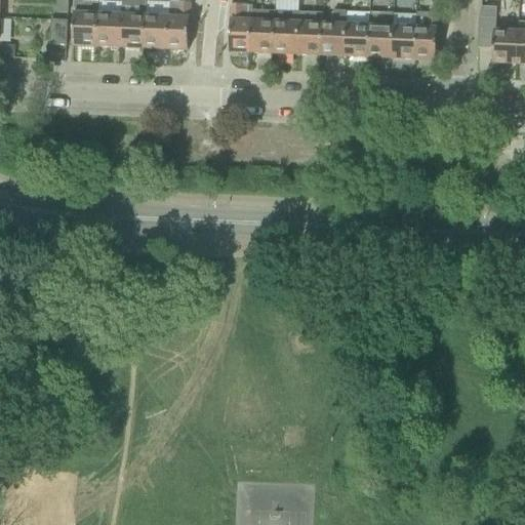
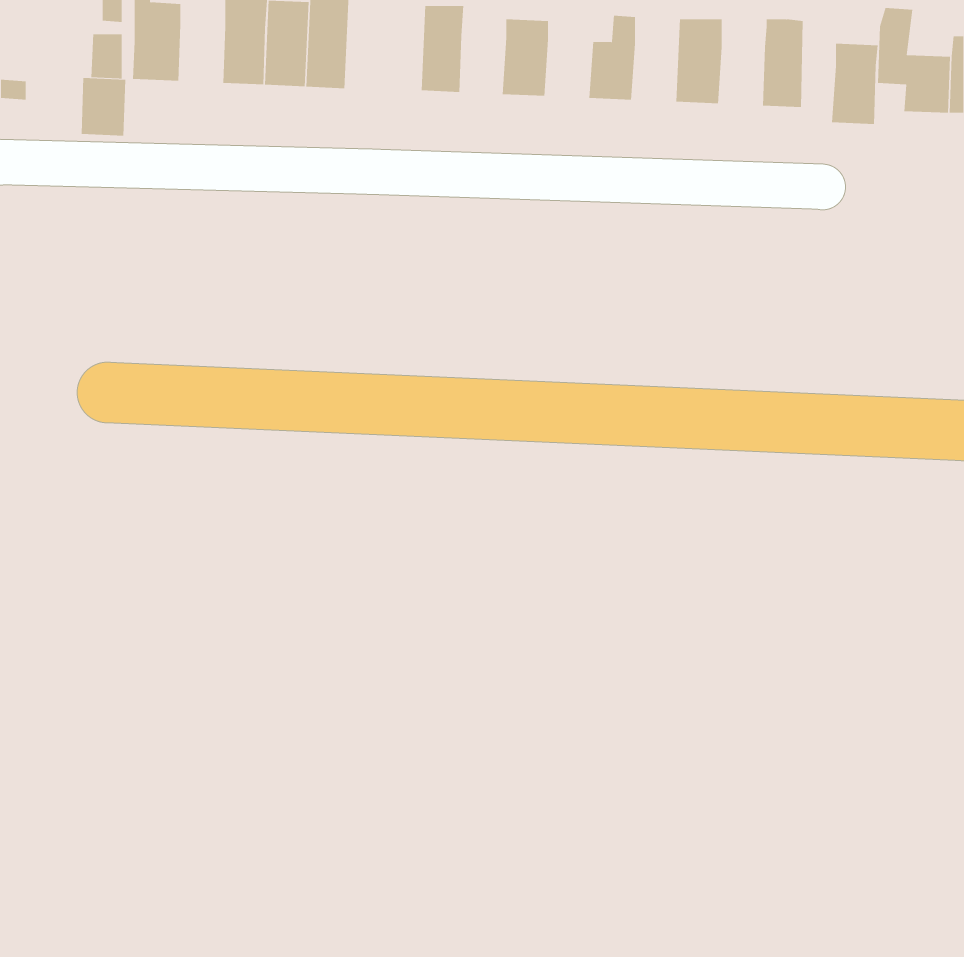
building: [250,9,275,51] -> none
building: [344,9,369,55] -> none
building: [296,11,322,53] -> none
building: [97,13,122,45] -> [81,78,126,136]
building: [391,13,416,57] -> [831,43,878,124]

